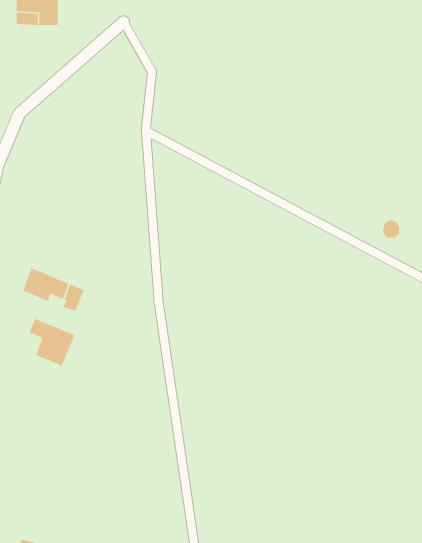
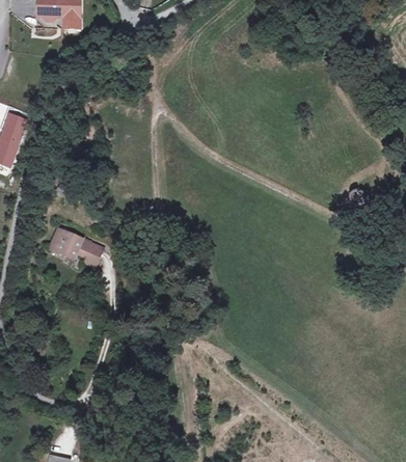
building: [28,318,76,367] -> none

